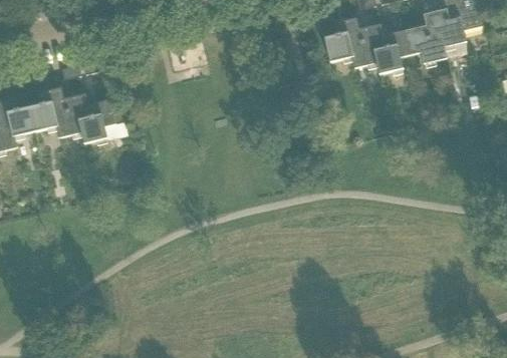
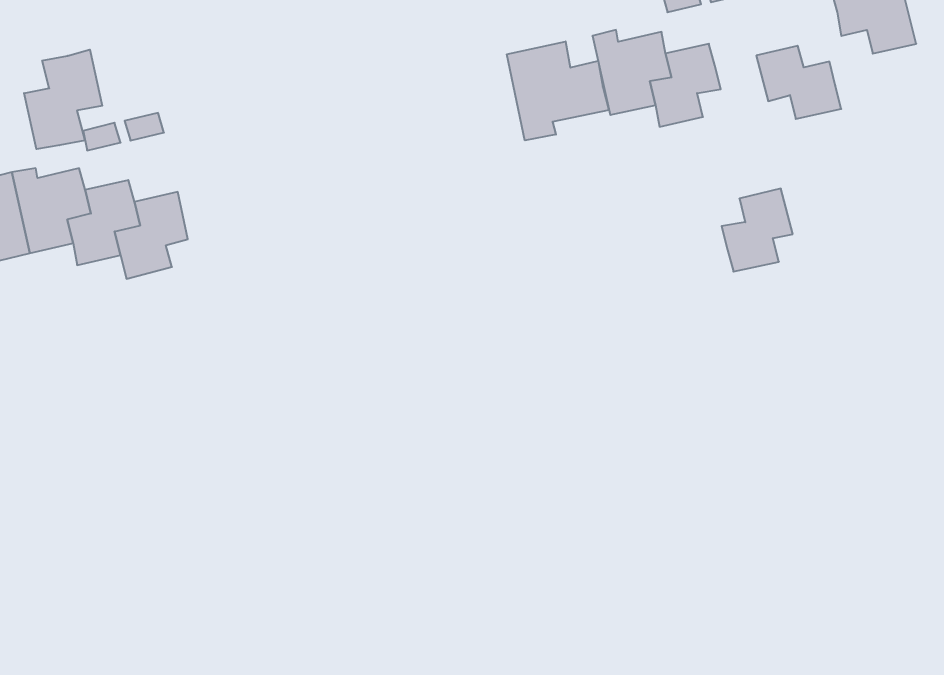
building: [424,7,467,44] -> none
building: none -> [507,41,609,140]
building: none -> [24,50,102,149]
building: [374,29,411,71] -> [722,189,793,272]

